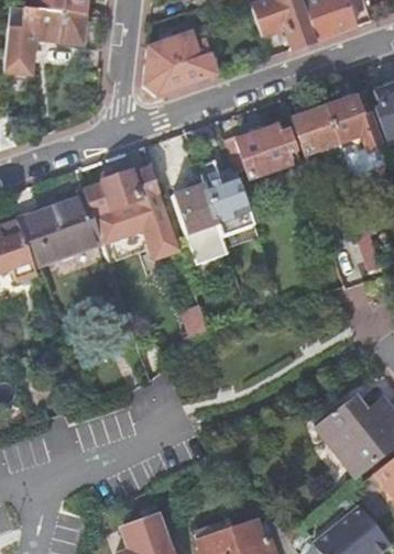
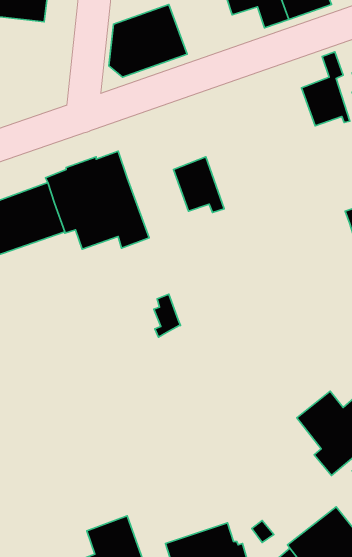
building: [293,106,339,158] -> none
building: [223,125,297,250] -> none
building: [172,184,229,265] -> none

